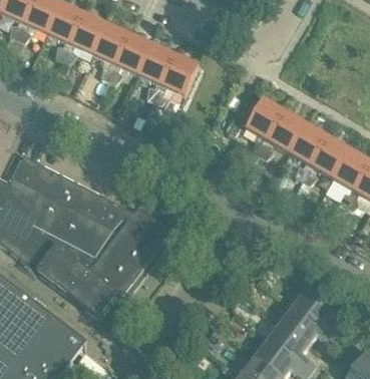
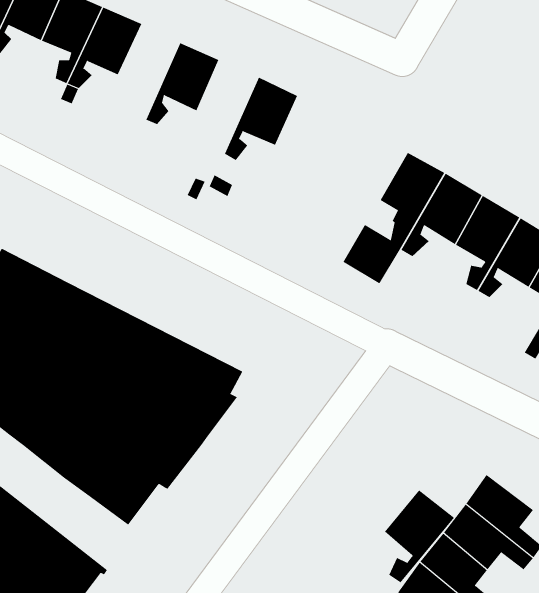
building: [92,22,128,78] -> none
building: [138,43,174,98] -> none
building: none -> [384,490,455,583]

